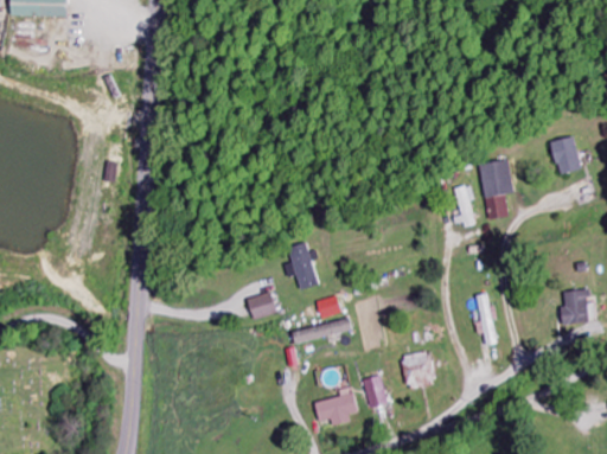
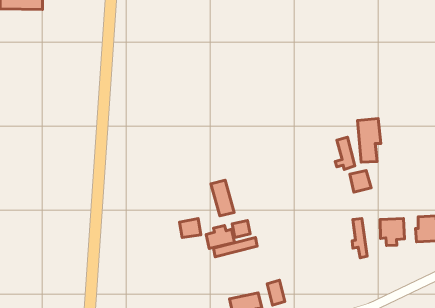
building: [551,136,580,173] -> none
building: none -> [350,170,371,192]
building: none -> [380,218,404,246]
building: none -> [206,226,234,248]
building: [401,351,436,388] -> none

